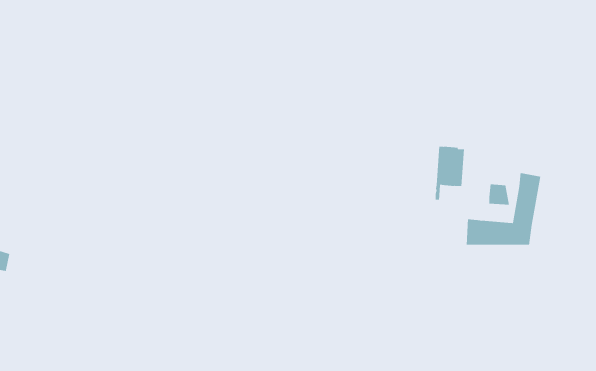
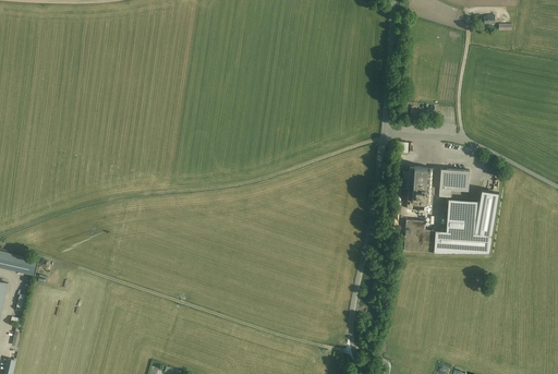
building: none -> [438,168,469,190]

